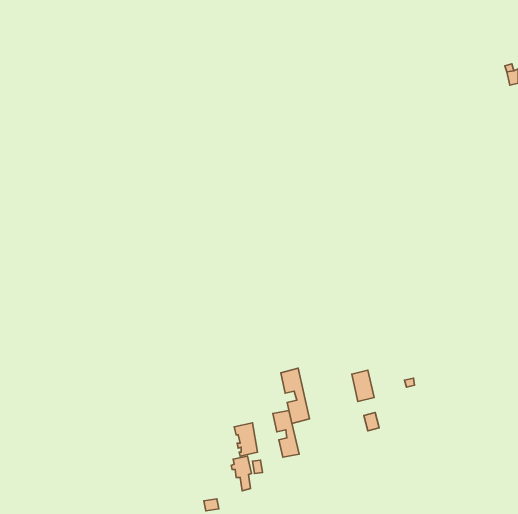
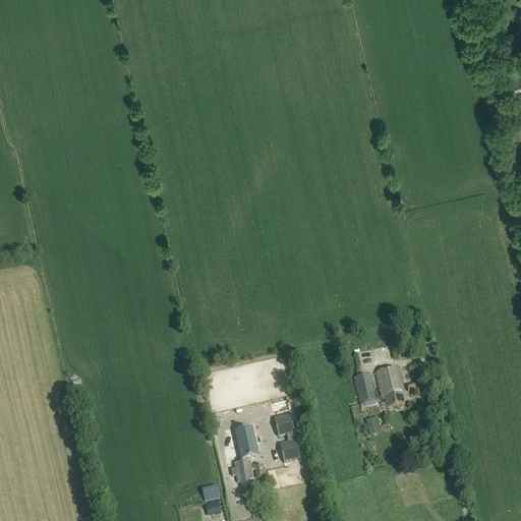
building: none -> [374,364,405,406]
building: [281,368,309,424] -> none

